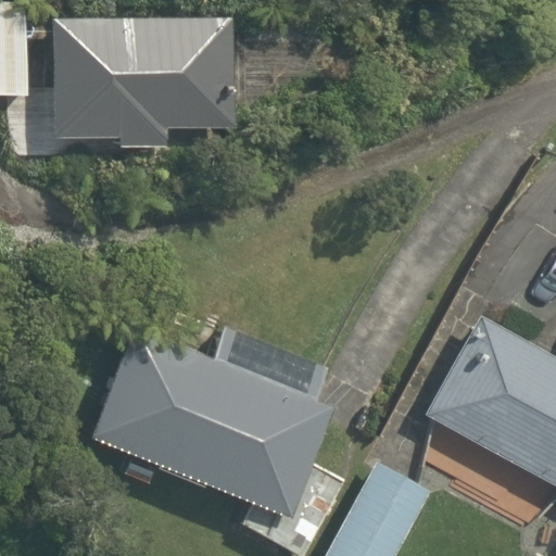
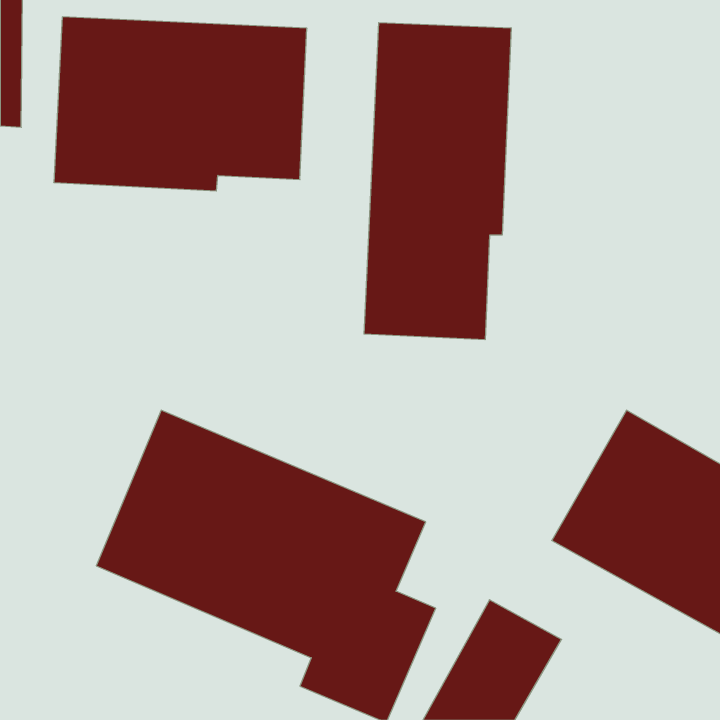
building: none -> [364,23,511,340]

